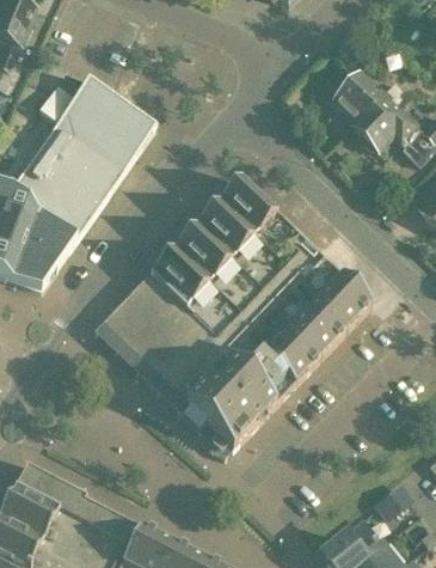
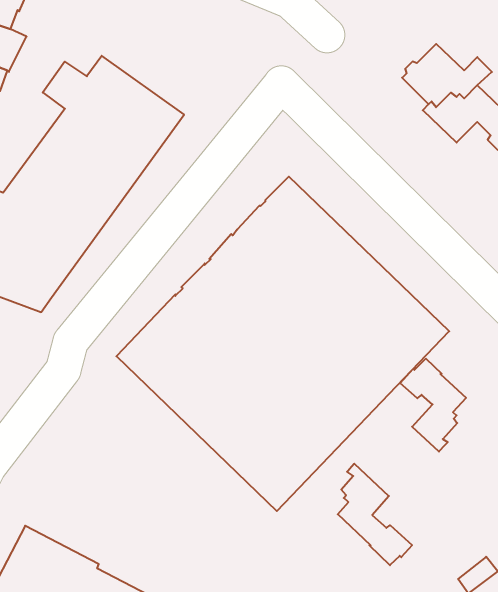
building: none -> [400,359,466,452]
building: none -> [338,464,412,565]

